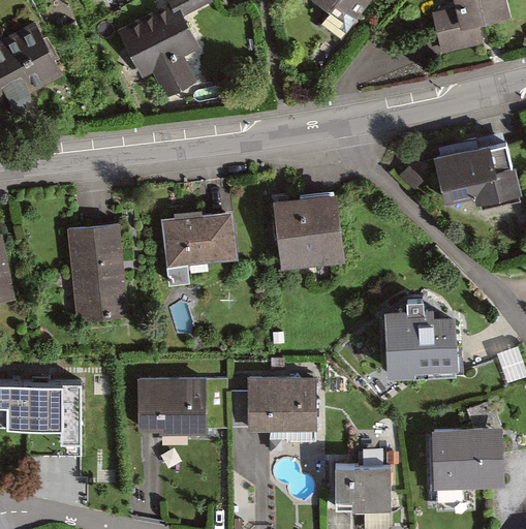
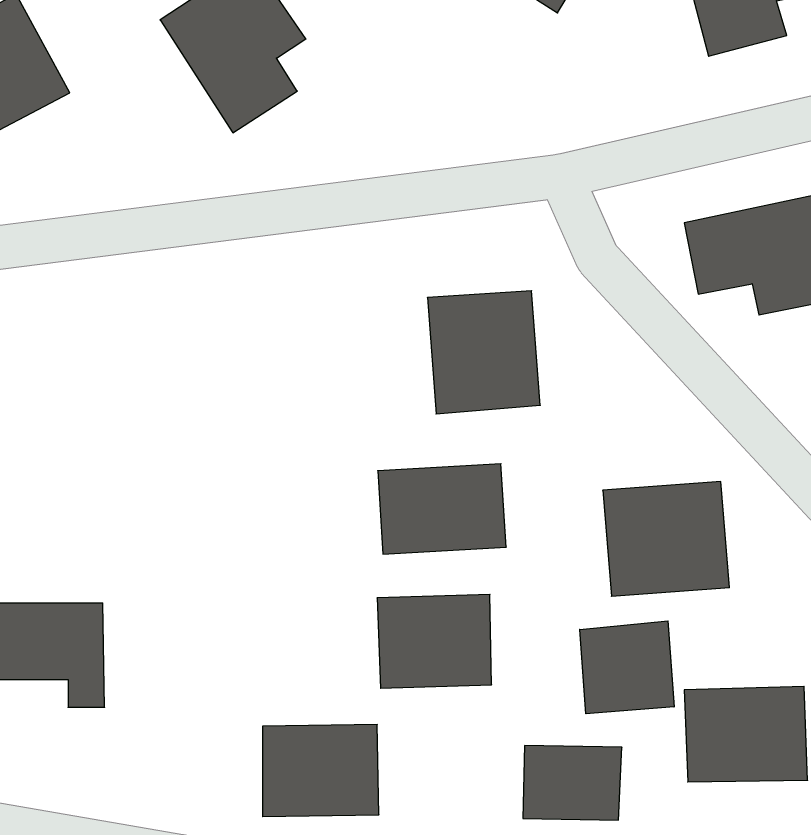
building: [157,213,234,267] -> [378,464,506,554]
building: [69,224,128,319] -> none
building: [140,378,209,433] -> [263,725,379,817]
building: none -> [580,621,674,714]

